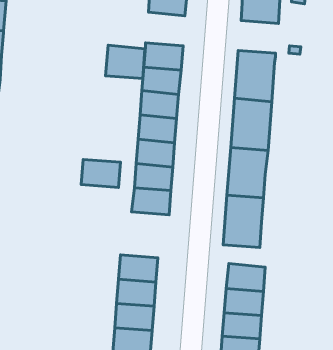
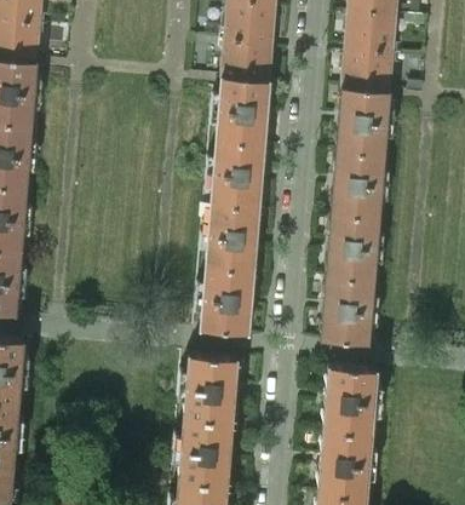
building: none -> [341,52,394,94]
building: [105,45,145,79] -> [222,41,272,85]
building: [81,159,120,187] -> [201,300,252,337]

